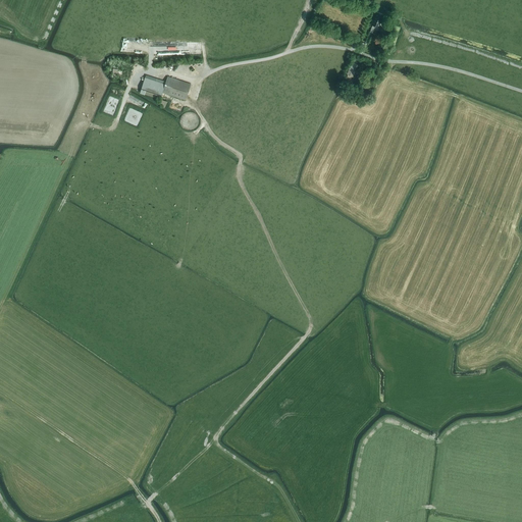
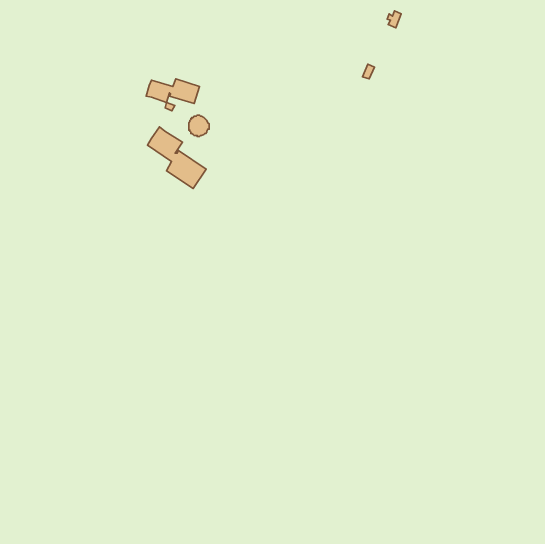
building: none -> [148,127,206,188]

